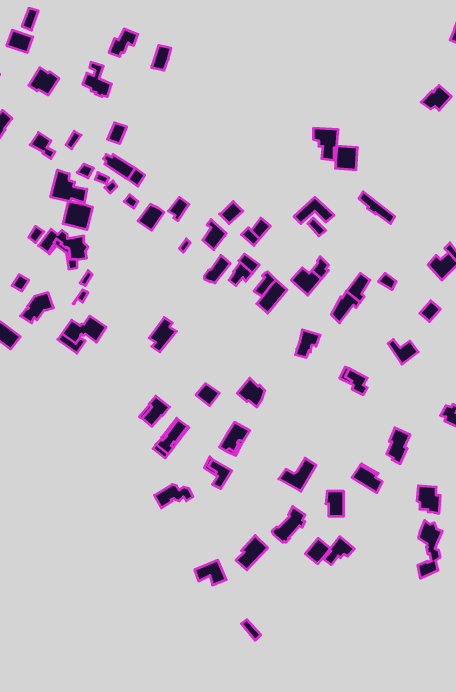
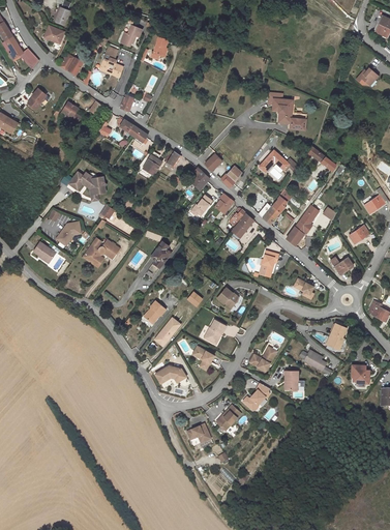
building: [51,170,92,230] -> none
building: [418,520,442,578] -> none
building: [305,537,354,565] -> none

